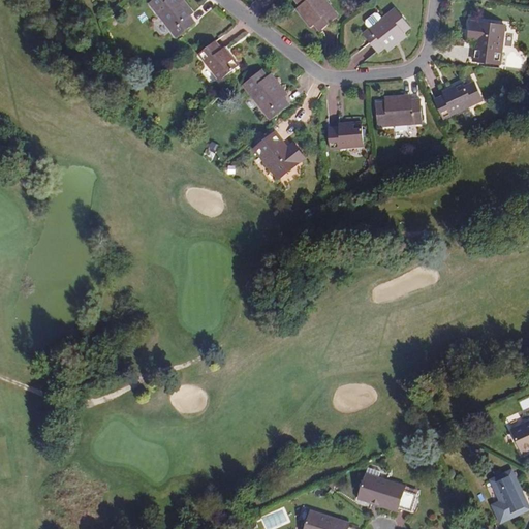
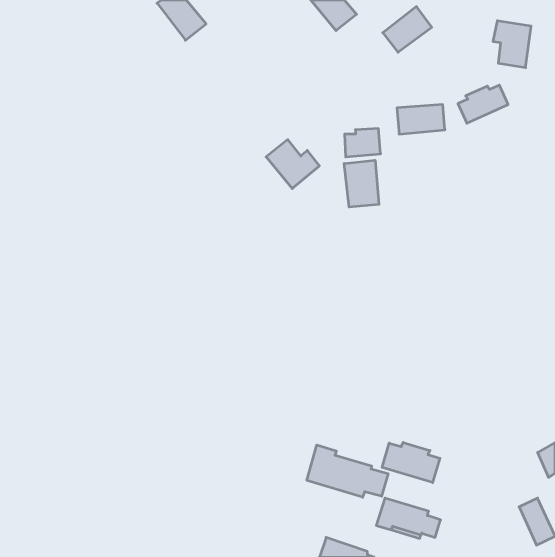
building: [198,41,239,80] -> none
building: [242,69,287,118] -> none
building: none -> [344,160,379,207]
building: none -> [382,442,440,483]
building: none -> [307,445,388,497]

